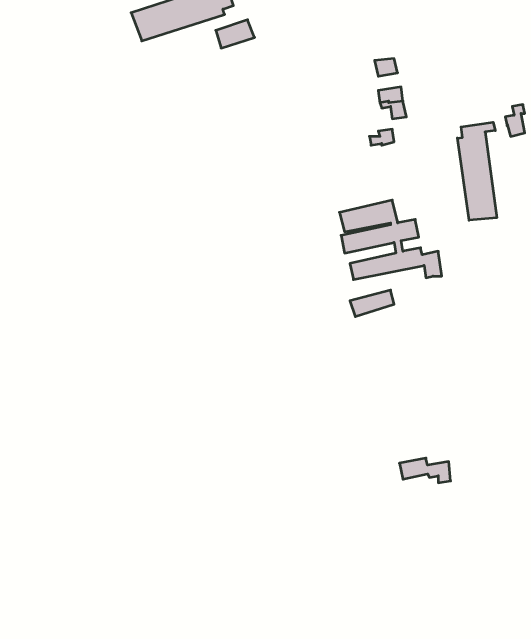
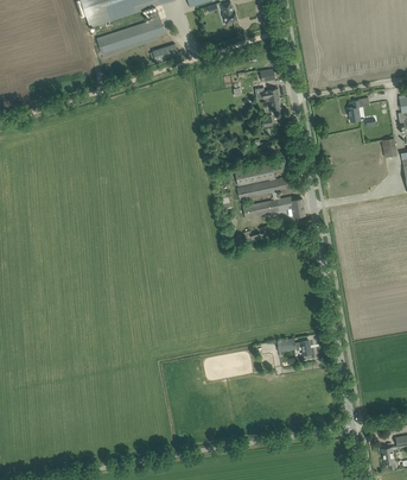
building: [457,122,497,220] -> none

